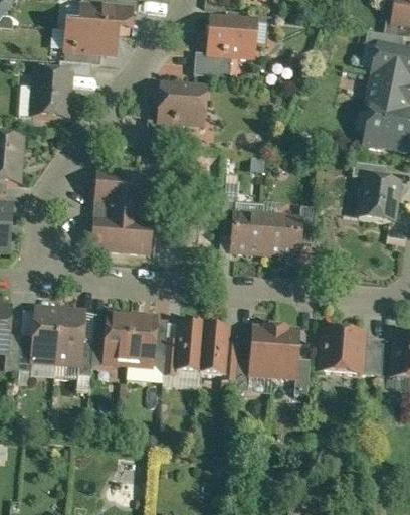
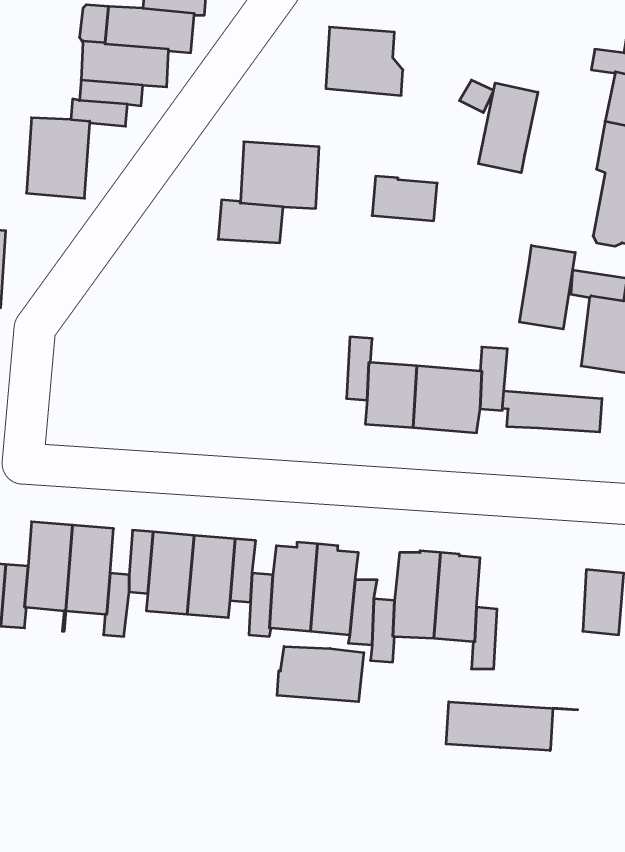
building: none -> [478,83,538,173]
building: [193,50,231,76] -> [372,176,437,221]
building: none -> [519,245,575,329]
building: [91,170,154,251] -> none
building: none -> [503,391,602,432]
building: [321,329,361,371] -> none
building: none -> [277,646,364,702]
building: none -> [446,702,578,751]

